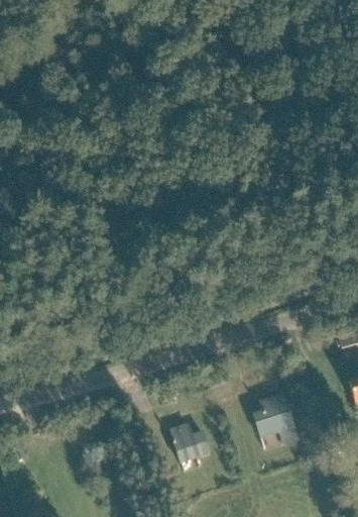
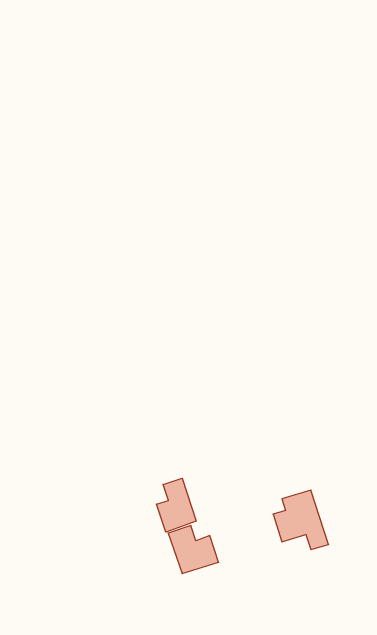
building: none -> [157,478,196,532]

